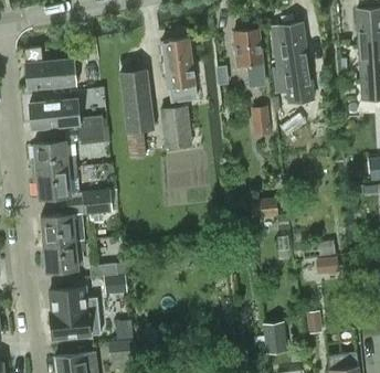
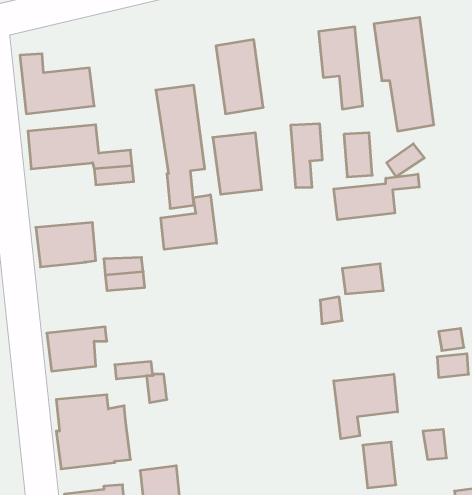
building: none -> [291,124,322,188]
building: none -> [334,174,419,220]
building: [33,141,75,171] -> none
building: none -> [161,195,217,249]
building: [41,214,84,245] -> none
building: none -> [334,374,398,439]

